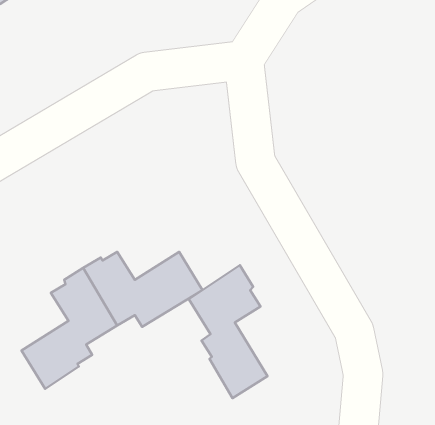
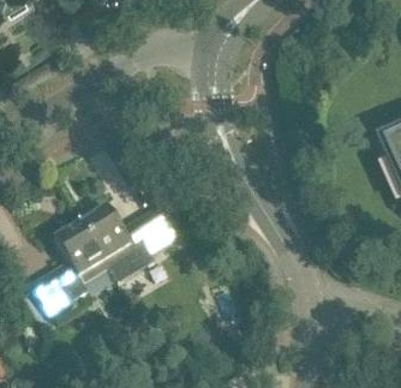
building: [189,265,268,398] -> none

